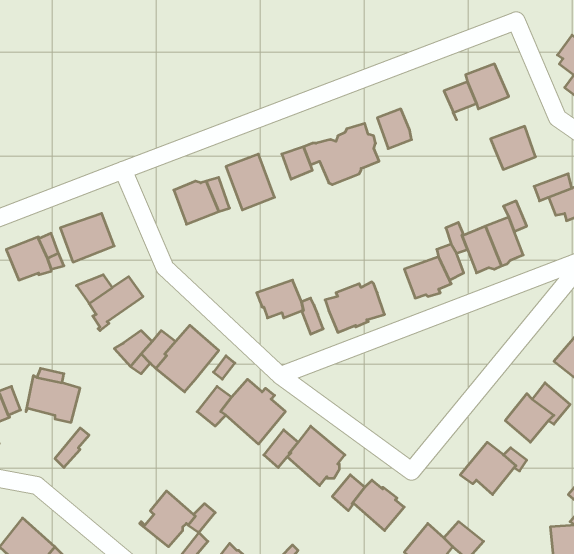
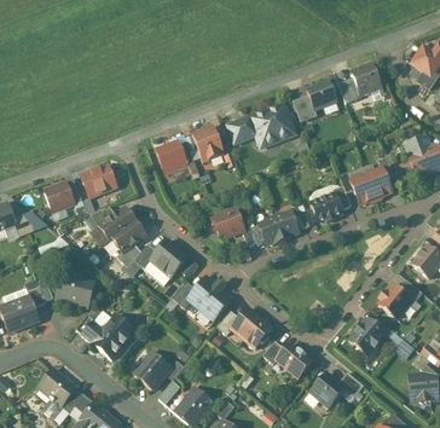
building: [491,126,536,169] -> [306,80,336,109]
building: none -> [111,220,145,251]
building: none -> [85,319,131,358]

